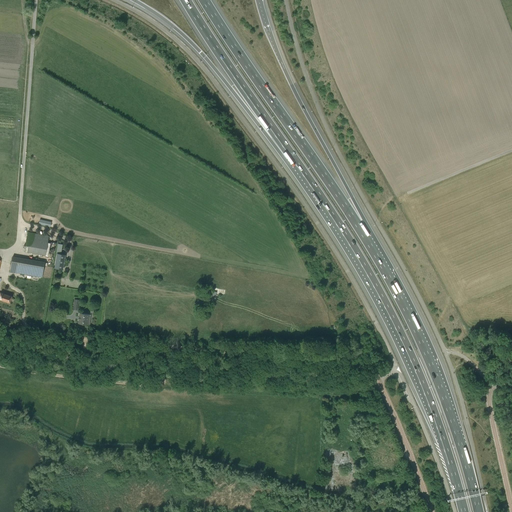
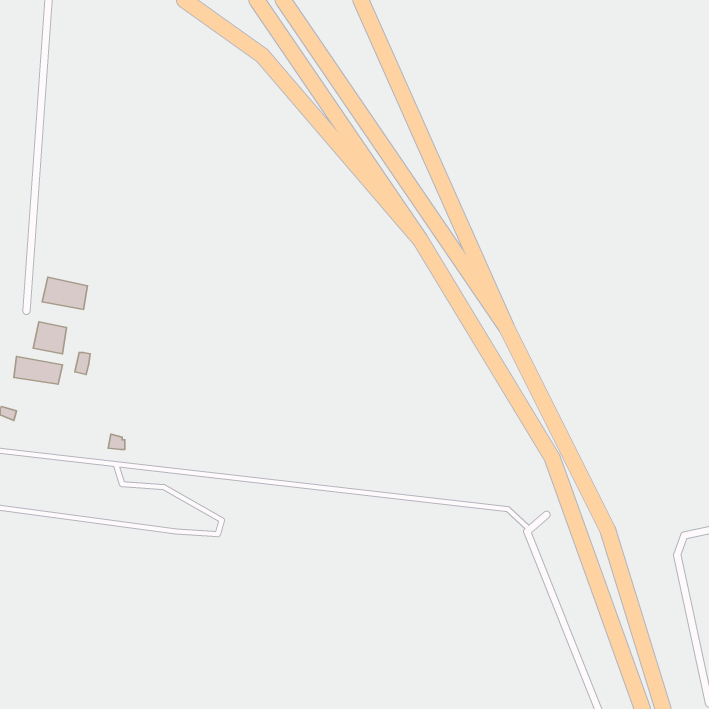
building: none -> [42,277,88,310]

